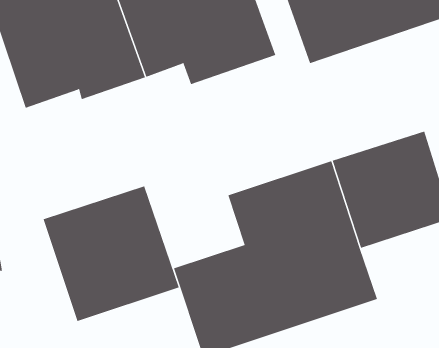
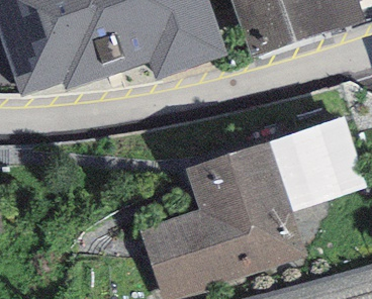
building: [43,185,180,322] -> none

